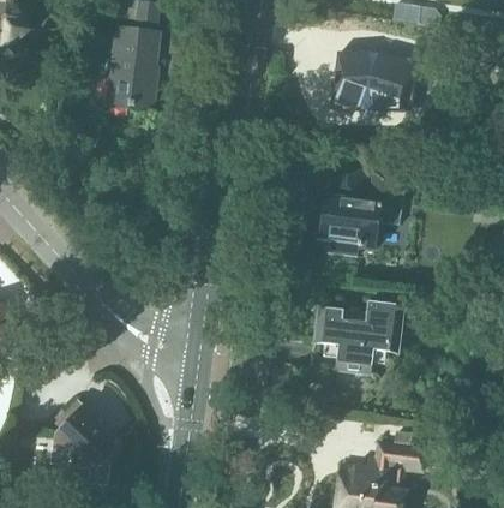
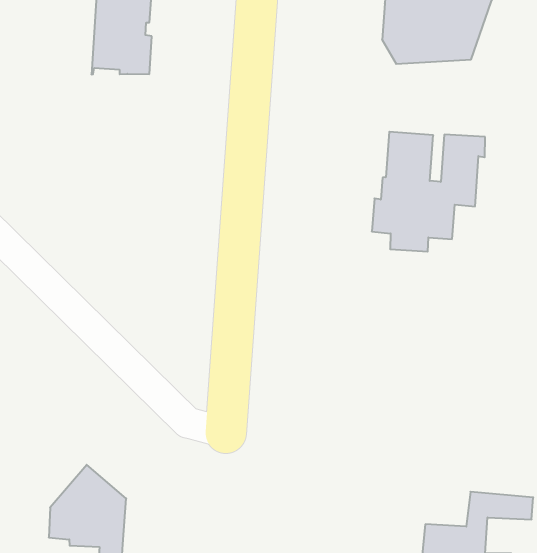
building: [314,301,404,375] -> none

